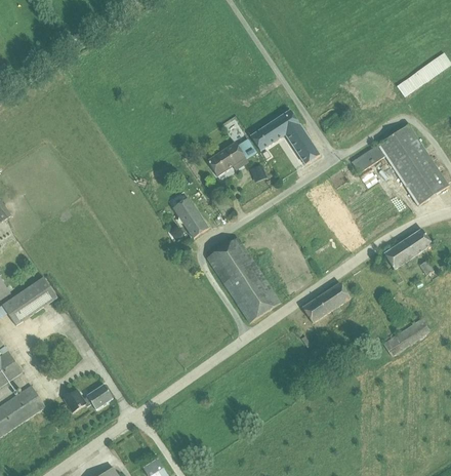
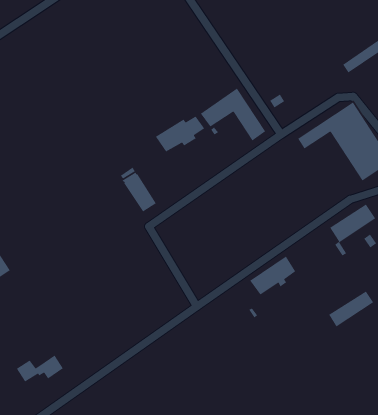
building: [206,237,280,323] -> none

